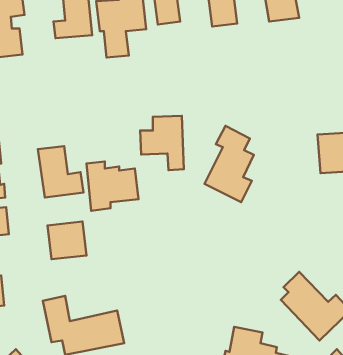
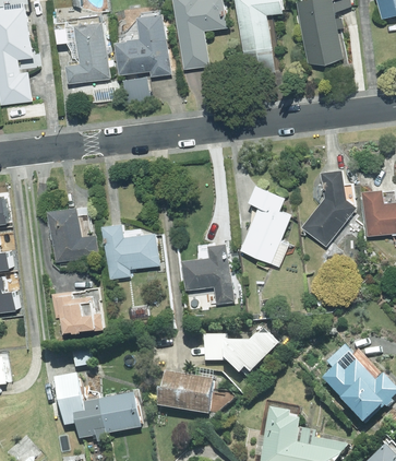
building: [140,116,184,170] -> [181,244,230,305]
building: none -> [300,172,355,247]
building: none -> [203,331,278,375]
building: none -> [159,375,218,416]

